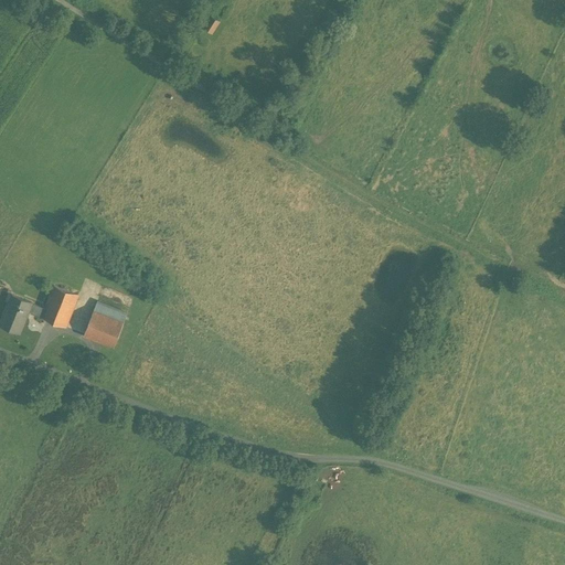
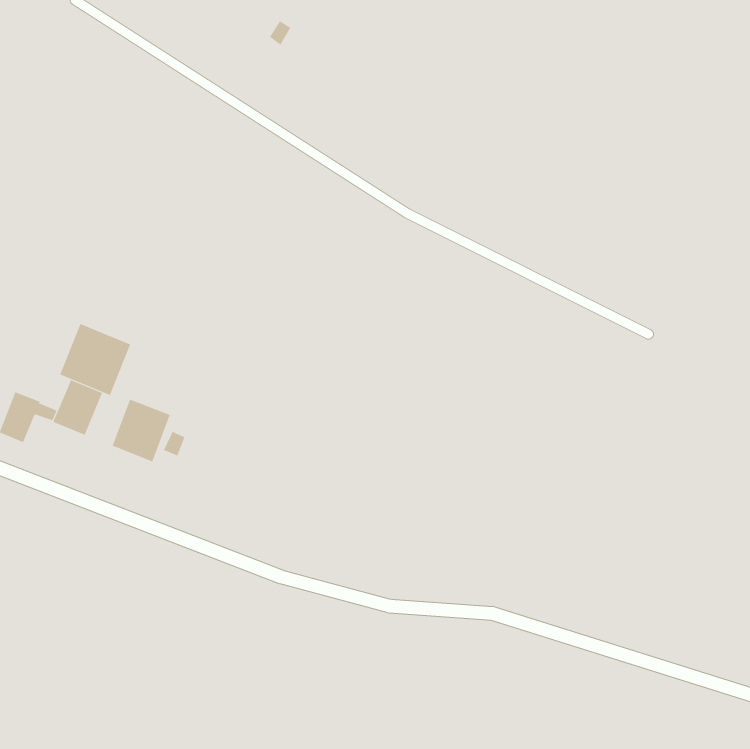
building: none -> [60,323,131,396]

